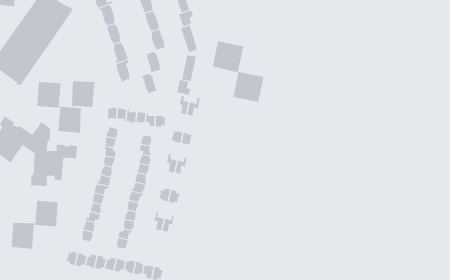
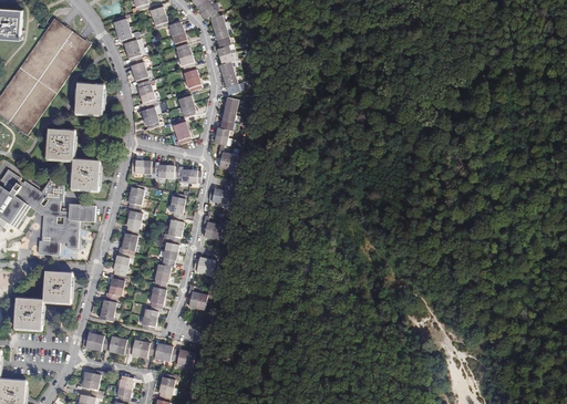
building: [212,40,264,103] -> none
building: [71,81,95,108] -> [75,83,104,115]

